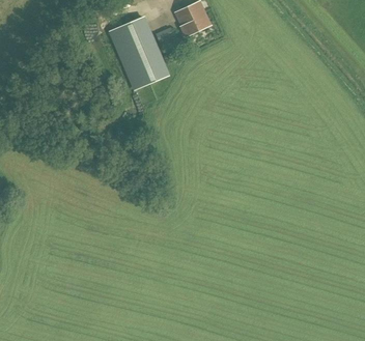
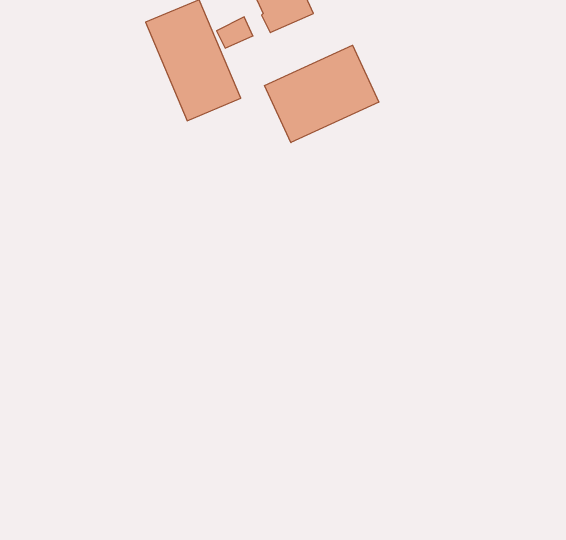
building: none -> [265,45,379,143]

